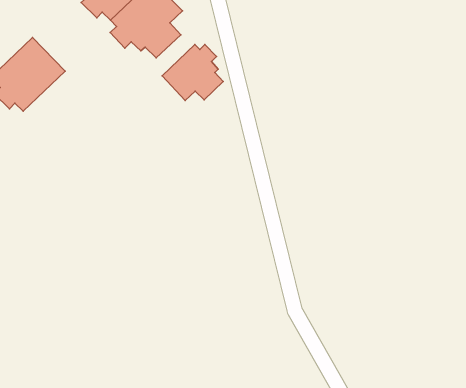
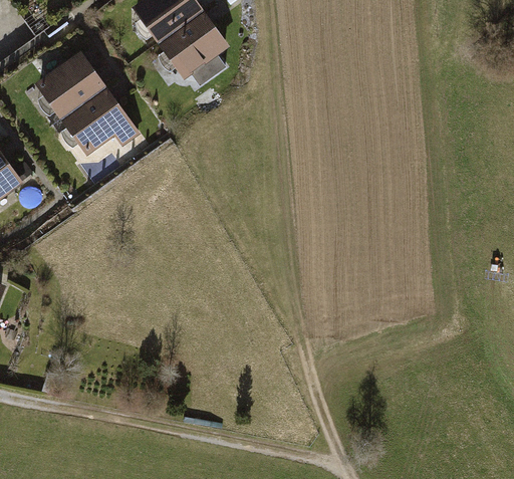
building: [162,44,223,101] -> none
building: none -> [59,87,136,155]

